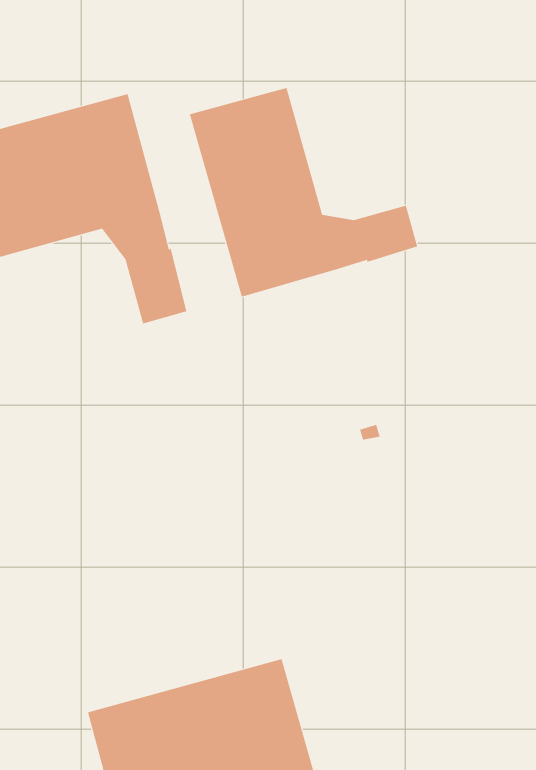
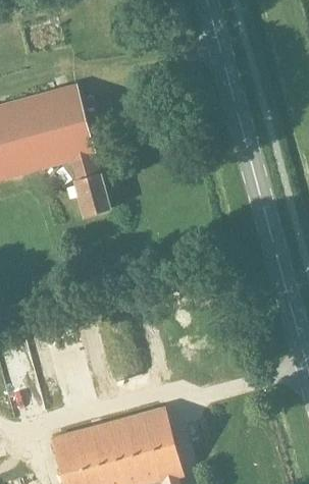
building: [189,87,418,298] -> none

